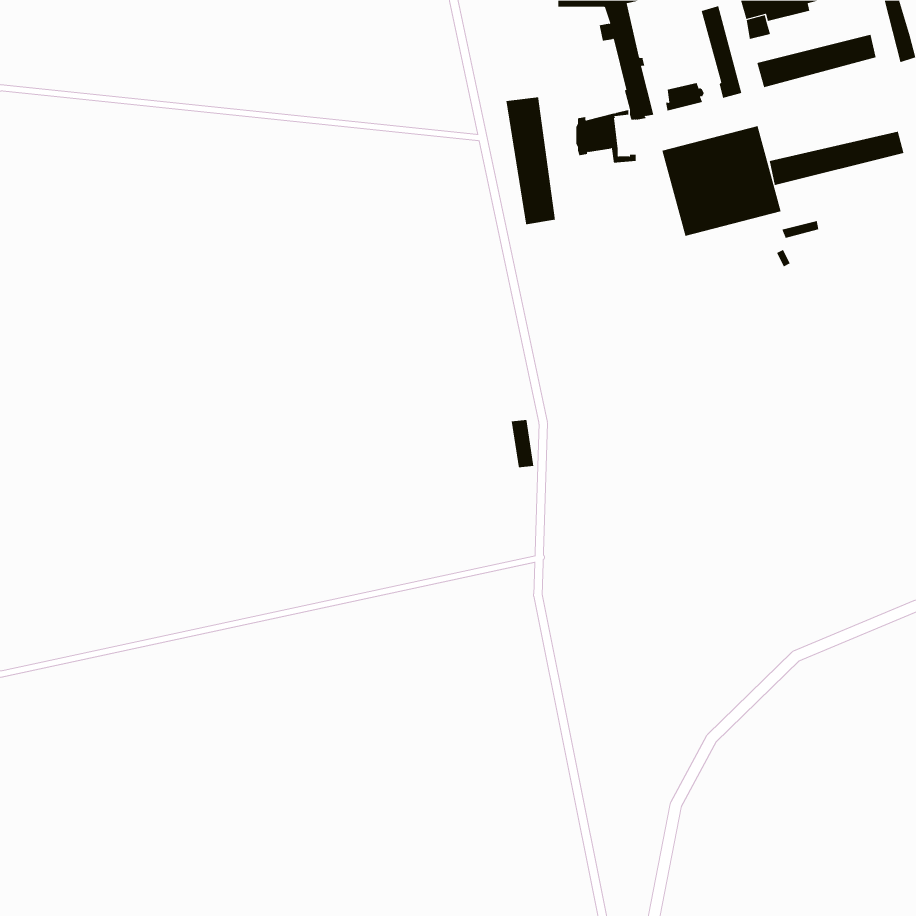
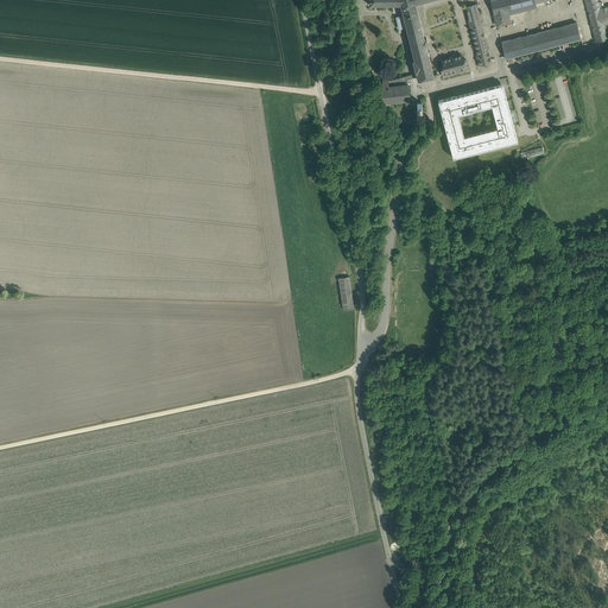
building: [506,96,556,225] -> none
building: [769,131,904,186] -> none

